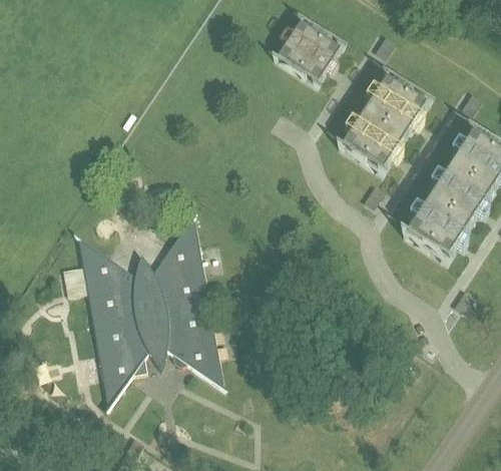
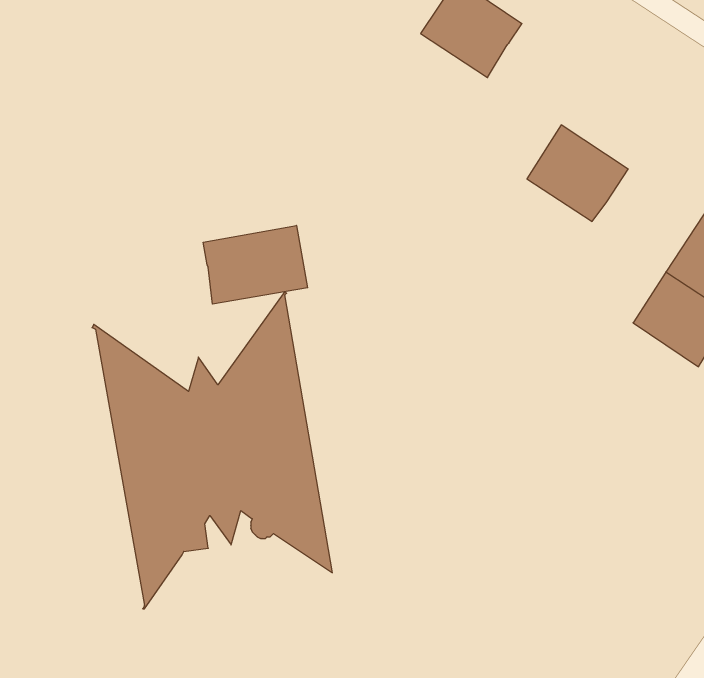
building: [362,77,424,136] -> none
building: none -> [203,225,308,304]

